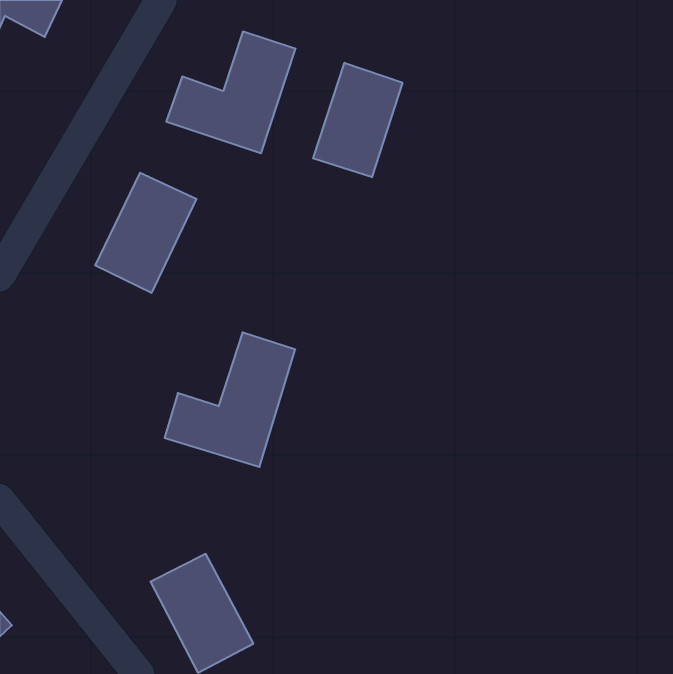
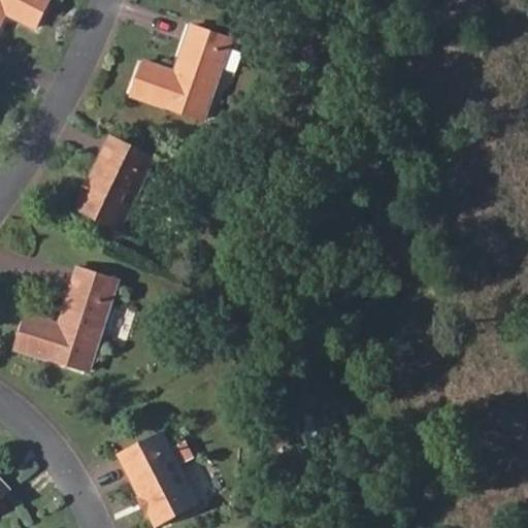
building: [313,63,402,177] -> none
building: [165,332,295,467] -> [14,266,117,371]

